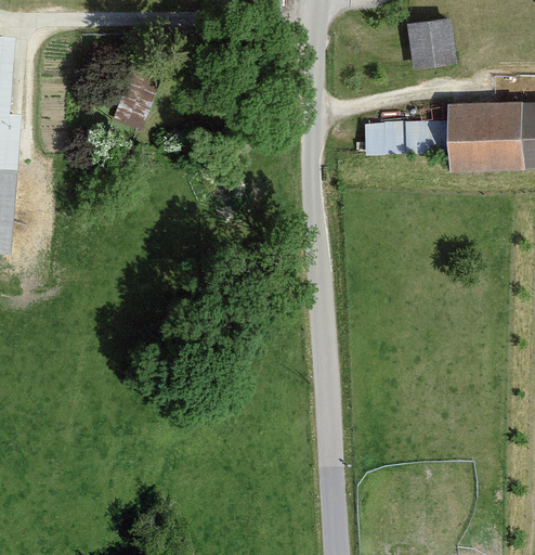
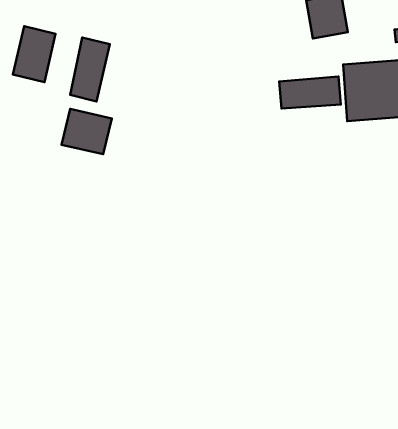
building: none -> [13,26,56,82]
building: none -> [61,109,112,154]

